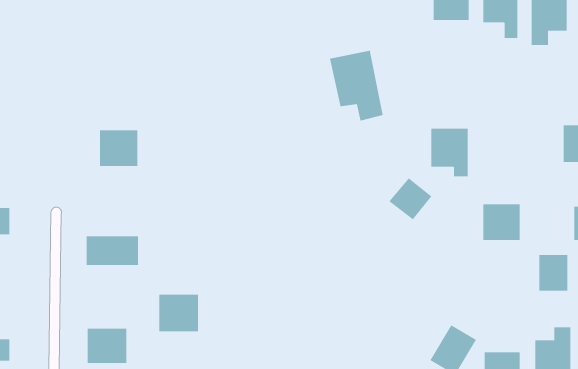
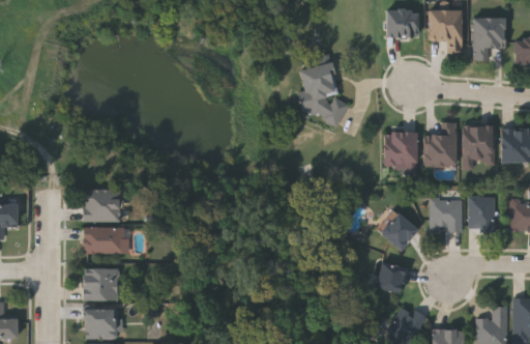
building: none -> [423,123,455,166]
building: none -> [463,126,495,169]
building: [99,130,138,166] -> [84,189,118,221]
building: [388,178,432,220] -> [379,212,417,250]
building: [539,254,568,291] -> [469,197,495,229]
building: none -> [374,261,406,293]
building: [159,294,199,332] -> [82,267,117,300]

